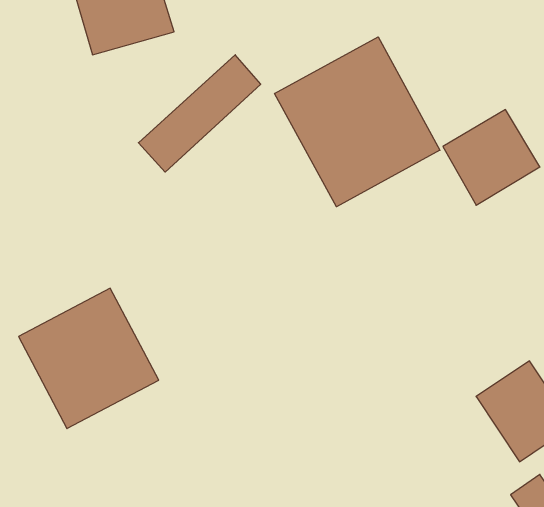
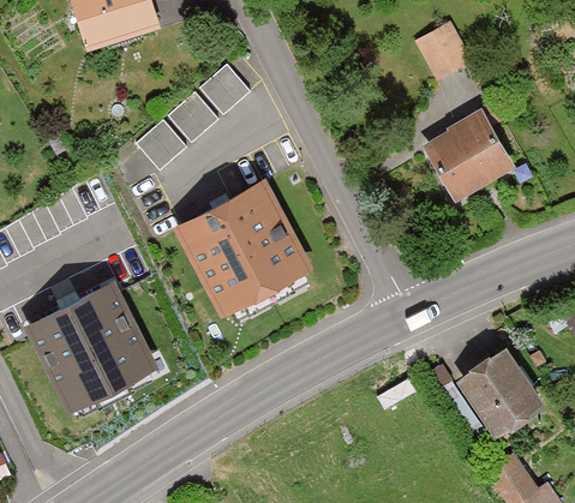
building: none -> [413,23,472,83]
building: [275,37,440,207] -> none
building: none -> [180,182,312,317]

